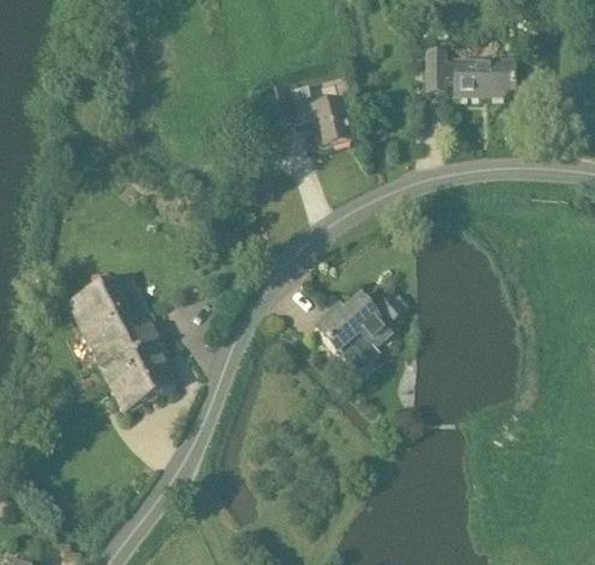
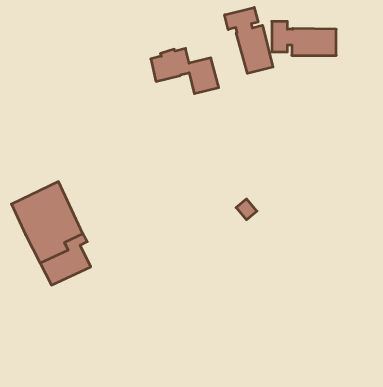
building: none -> [225,7,273,73]
building: [314,296,389,351] -> none

